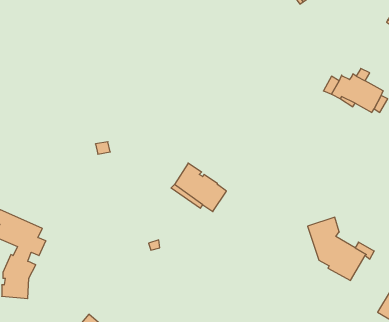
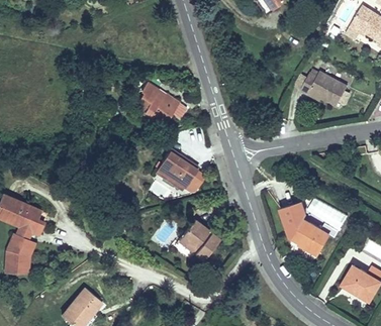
building: none -> [137,83,180,123]
building: none -> [177,219,220,260]

